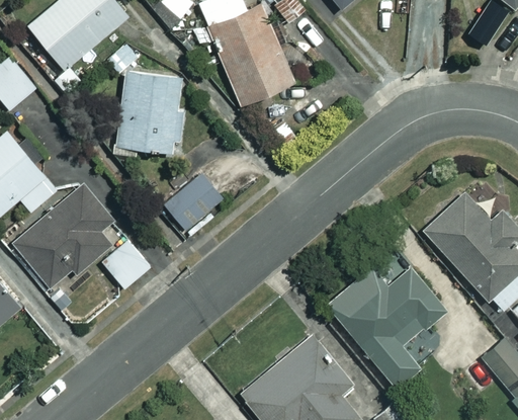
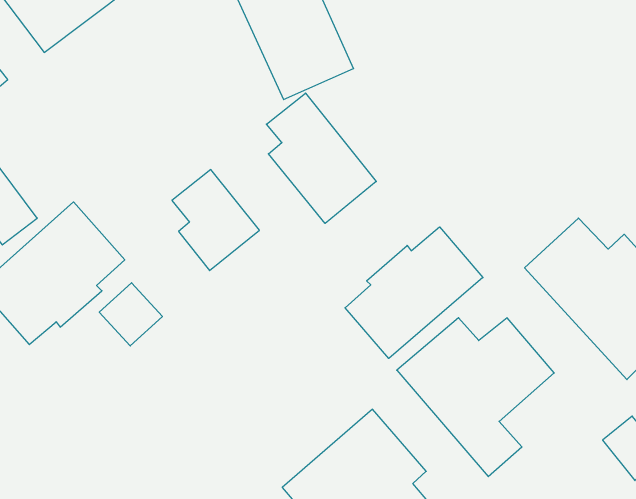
building: [114,71,184,153] -> none
building: none -> [266,93,376,223]
building: none -> [345,227,483,358]

